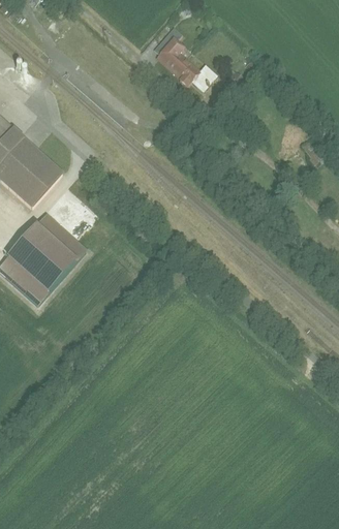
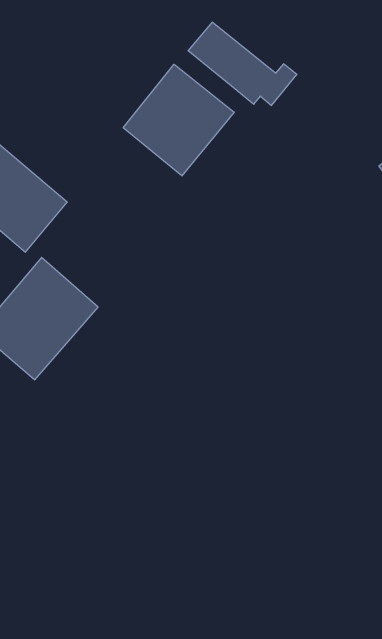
building: none -> [123,64,234,176]

